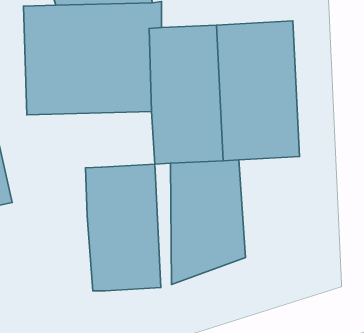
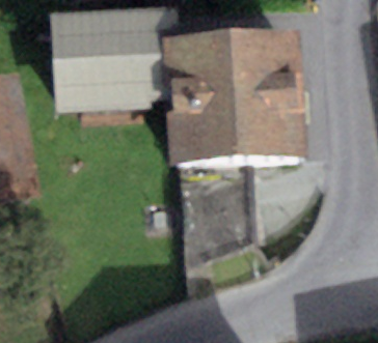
building: [86,164,161,291] -> none

